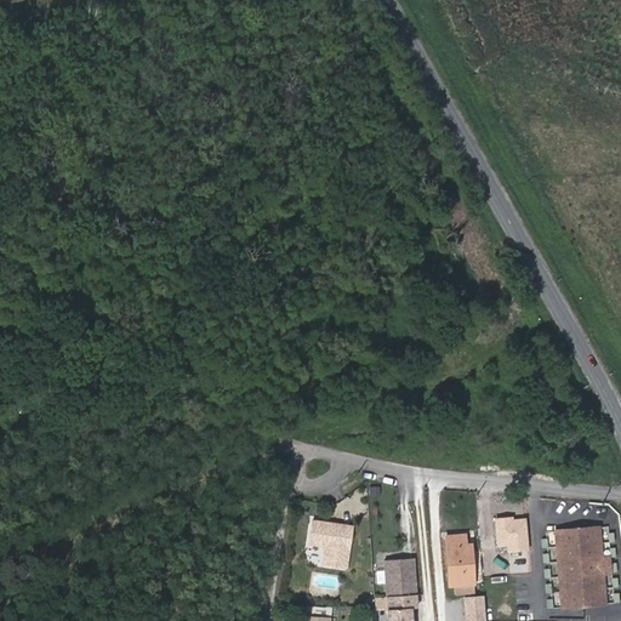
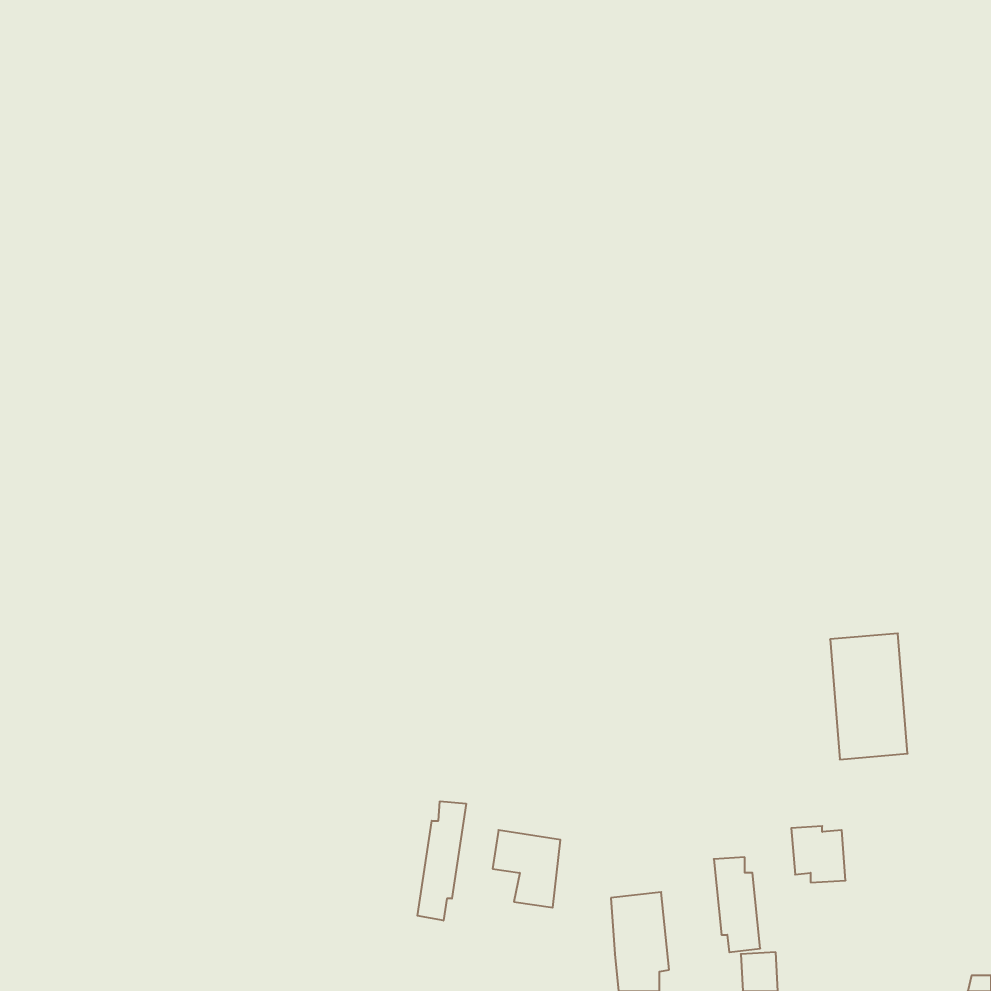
building: none -> [417,801,466,921]
building: [557,528,605,606] -> [830,633,908,759]

